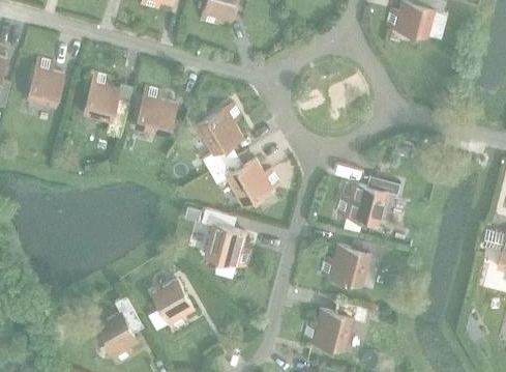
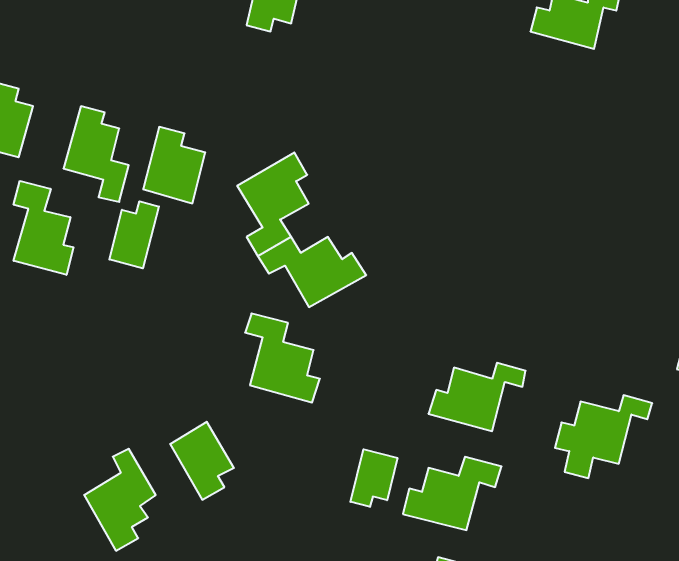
building: none -> [14,181,74,275]
building: none -> [109,201,159,268]
building: [336,180,399,234] -> [555,395,652,478]
building: none -> [350,449,397,507]

